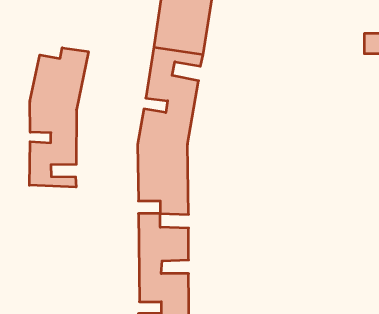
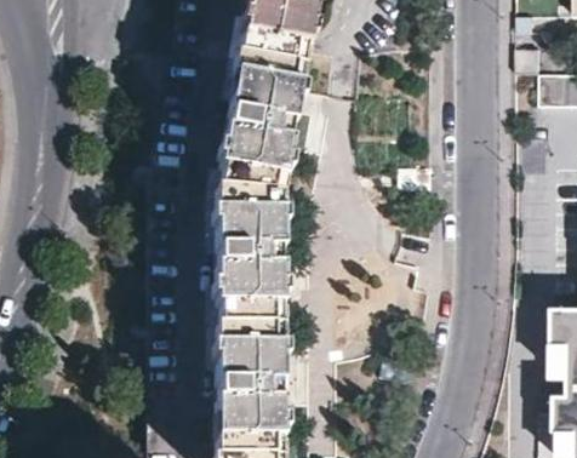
building: [29,48,88,187] -> none

